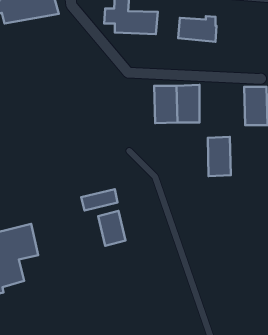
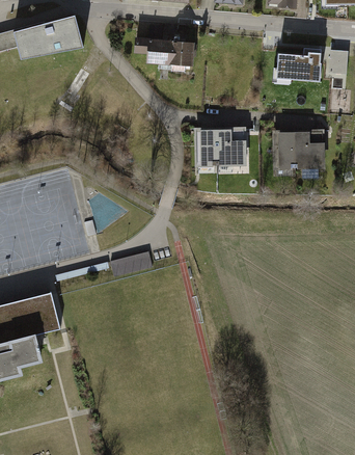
building: [178,16,217,42] -> [276,49,321,79]
building: [208,137,231,176] -> [273,130,300,176]
building: [98,211,126,246] -> none

